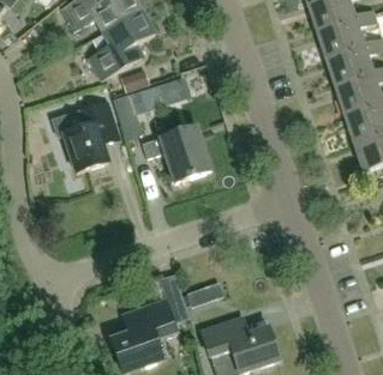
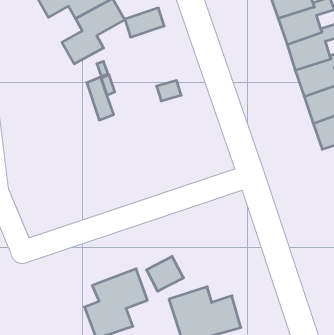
building: [145,77,187,108] -> [125,8,164,37]
building: [52,102,114,171] -> none
building: [142,125,210,182] -> none

